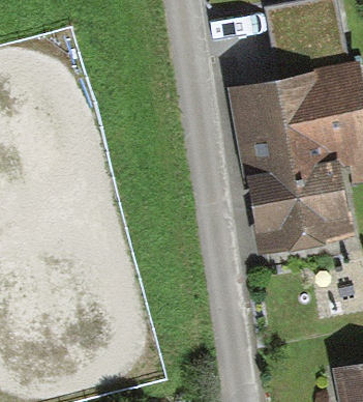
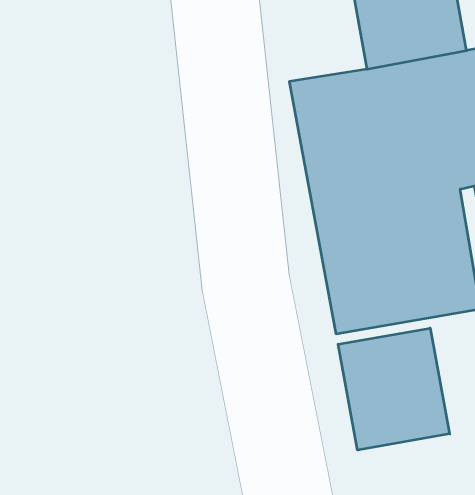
building: none -> [338,328,450,450]

